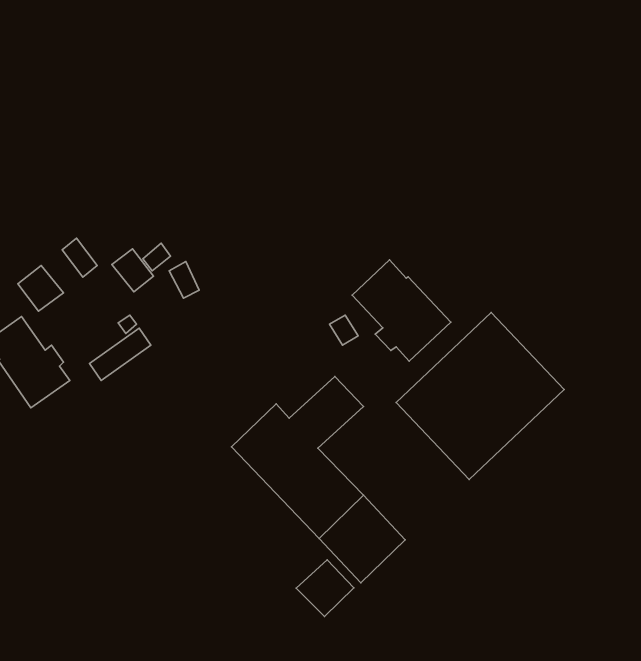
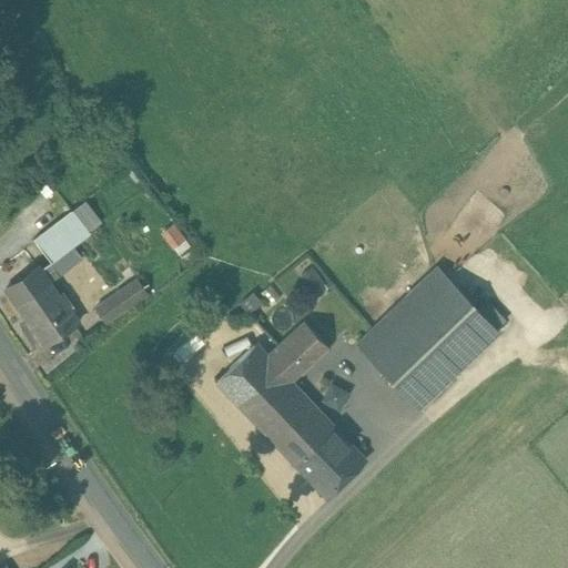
building: [112,249,153,292] -> [54,214,90,251]
building: [352,260,451,361] -> none
building: [296,560,354,616] -> none

